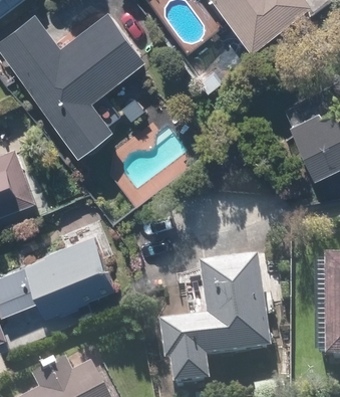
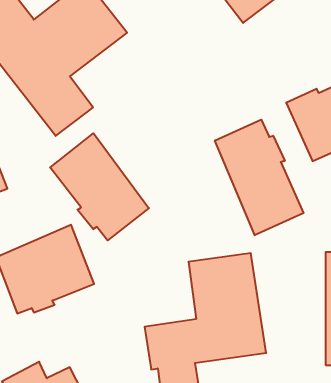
building: none -> [215,120,304,235]
building: none -> [50,133,149,240]

